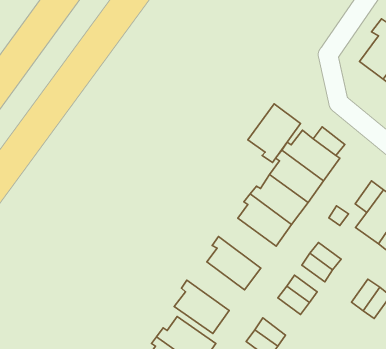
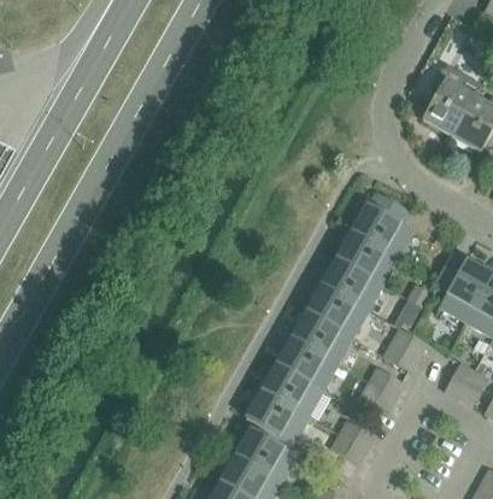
building: [248,104,301,163] -> none
building: none -> [286,311,352,364]
building: none -> [256,364,322,416]

